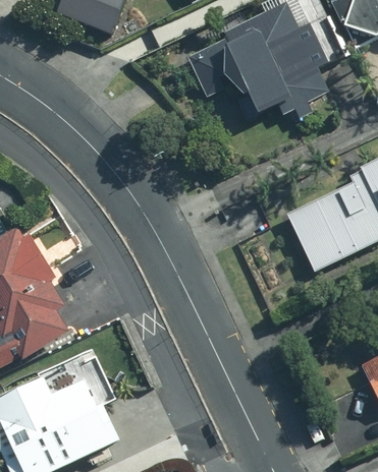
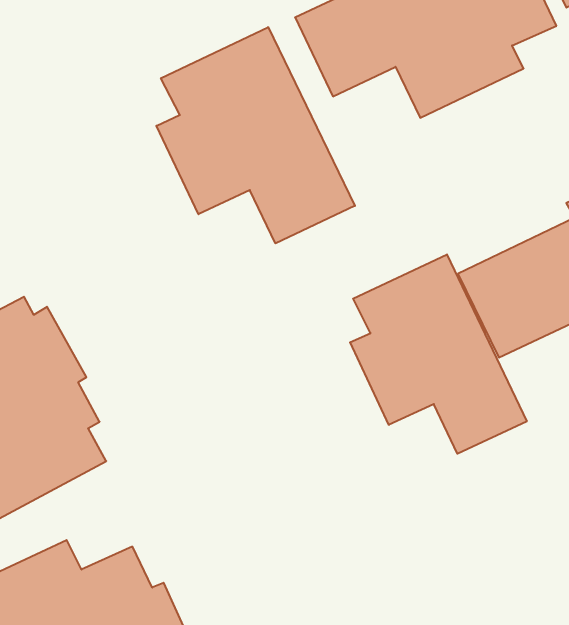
building: none -> [156,27,355,243]
building: none -> [350,254,527,454]

